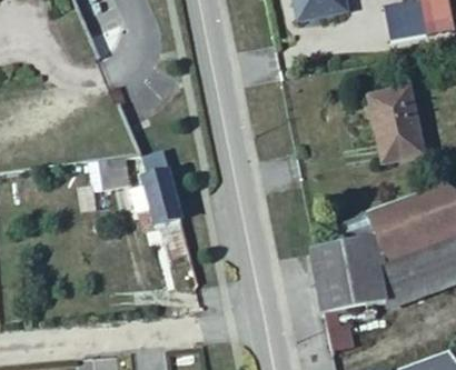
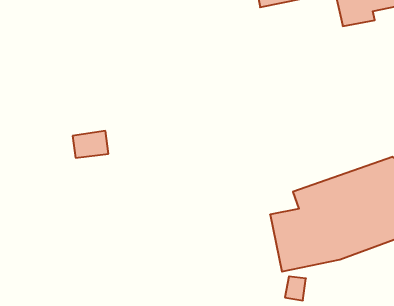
building: [369,87,424,162] -> none
building: [130,150,189,256] -> none

